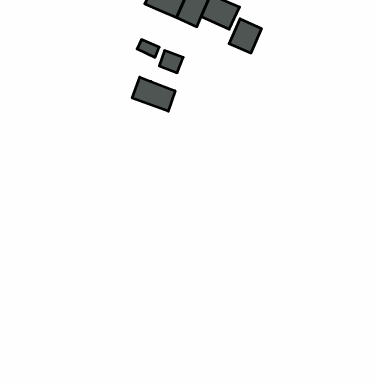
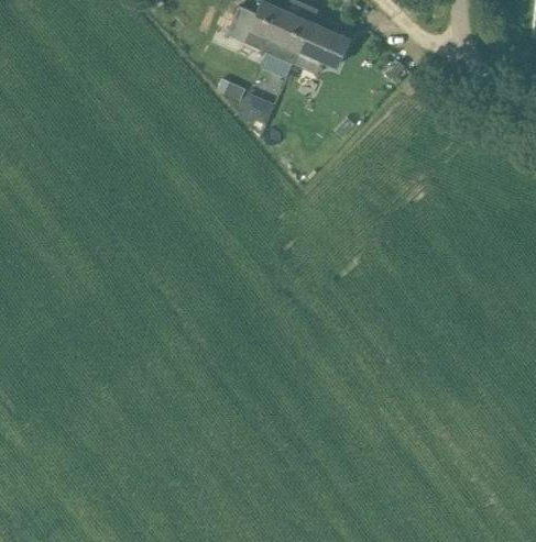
building: [229,19,261,53] -> none
building: [132,77,175,111] -> none

